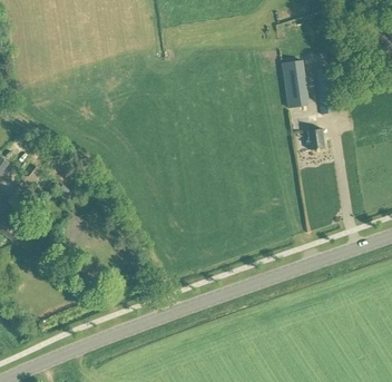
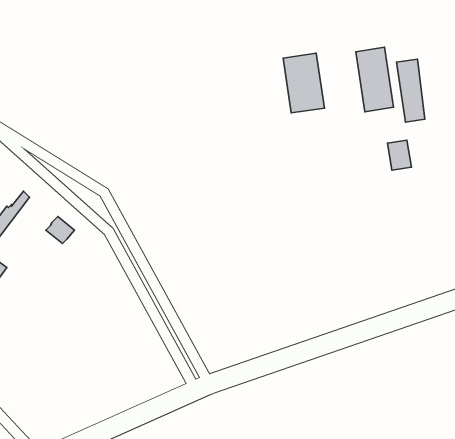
building: none -> [283,53,324,113]

